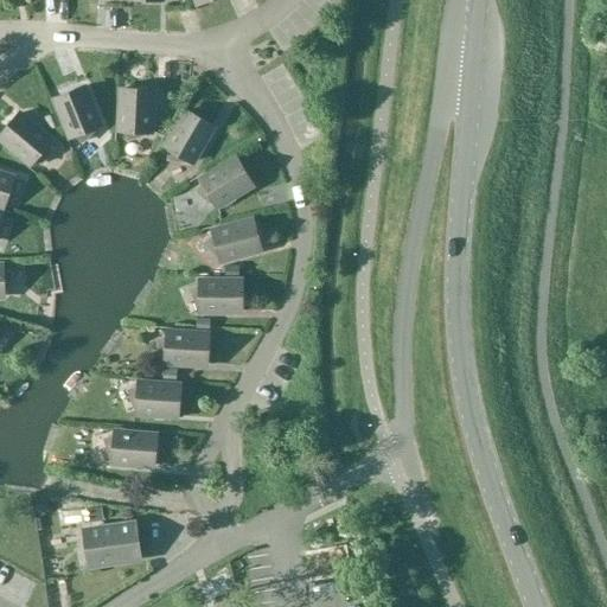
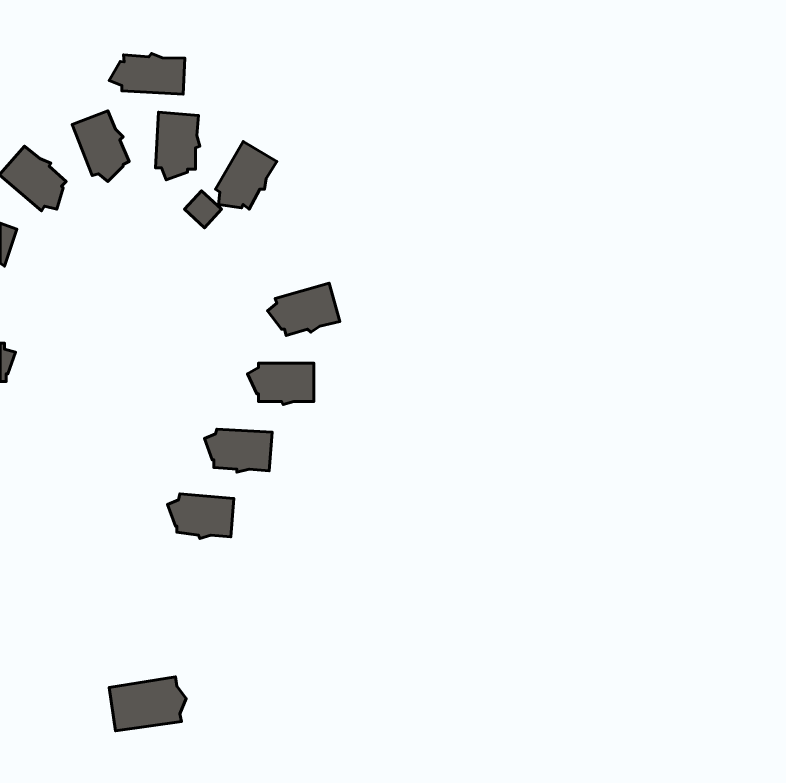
building: none -> [109,53,185,94]
building: [198,156,253,204] -> none
building: [106,430,156,465] -> none

